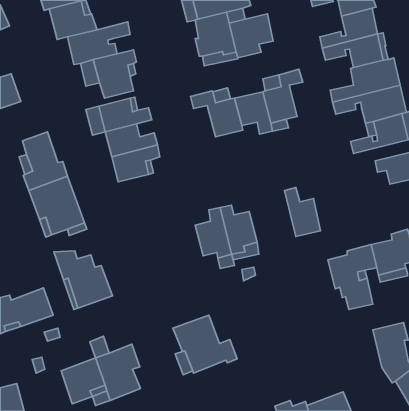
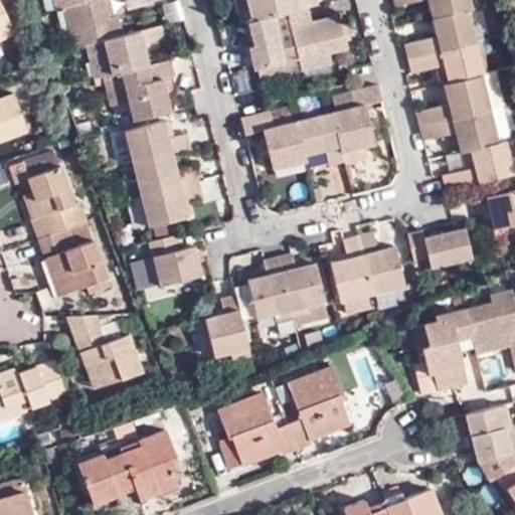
building: none -> [407,230,472,271]
building: none -> [149,237,200,287]
building: none -> [331,238,372,303]
building: none -> [207,297,250,362]
building: none -> [290,367,351,449]

